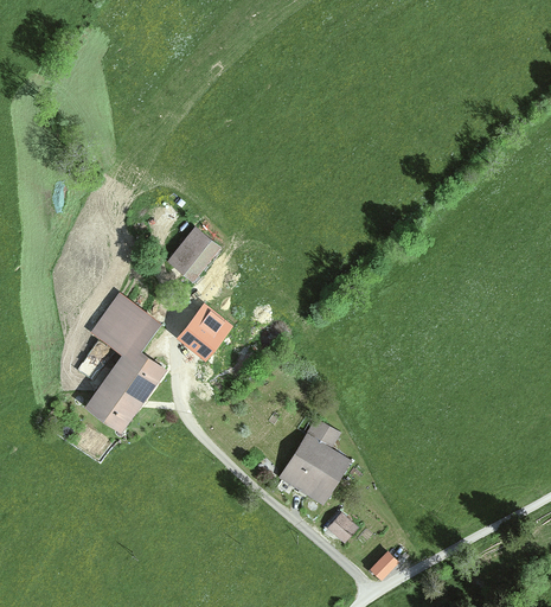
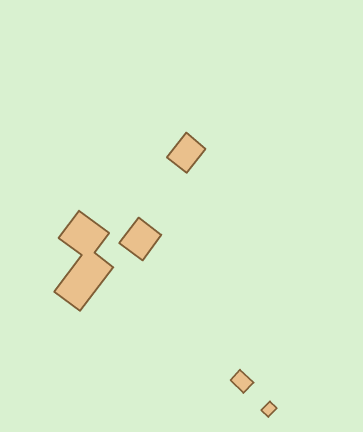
building: [166,226,219,282] -> [167,133,205,173]
building: [280,422,352,505] -> none

